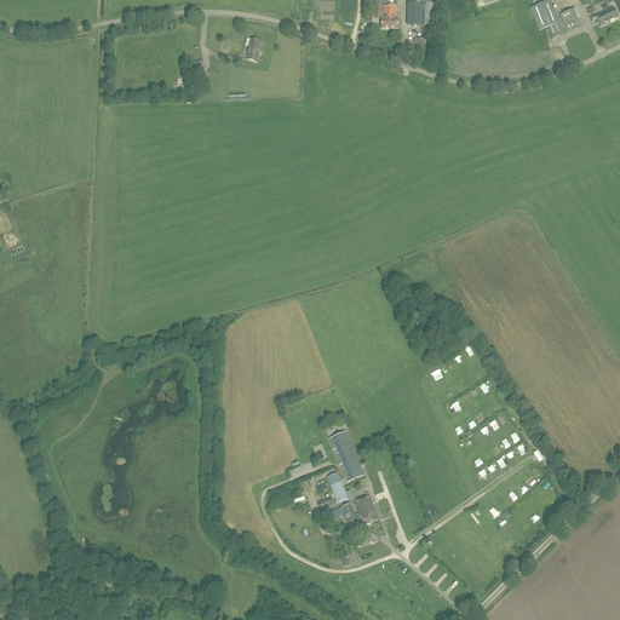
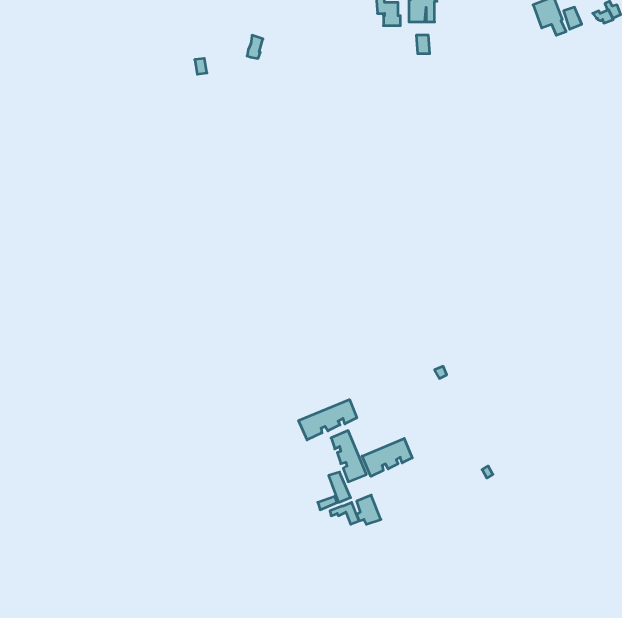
building: none -> [299,400,357,440]
building: none -> [362,438,412,476]

